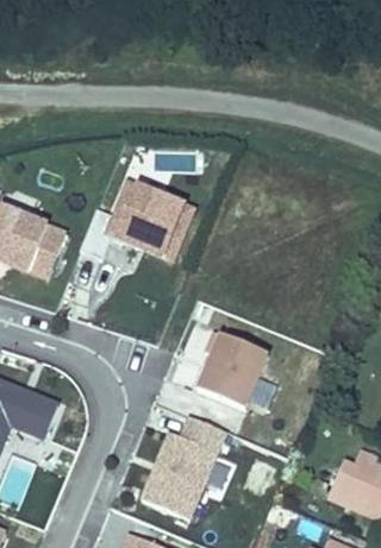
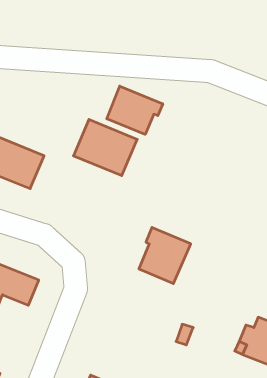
building: none -> [107,86,163,134]
building: [140,430,217,517] -> none

